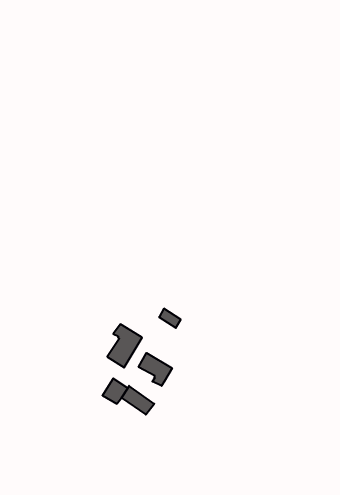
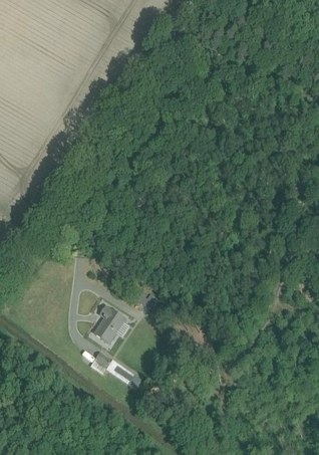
building: [139,353,172,386] -> none

